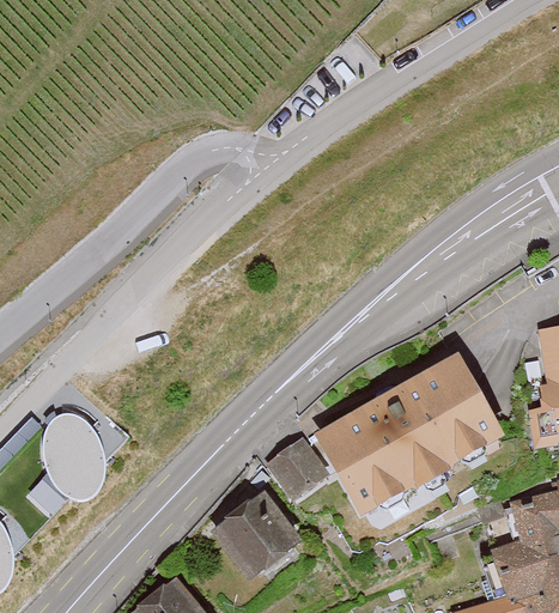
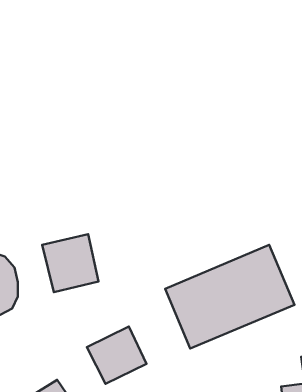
building: none -> [42,234,99,292]
building: [268,436,326,497] -> none

